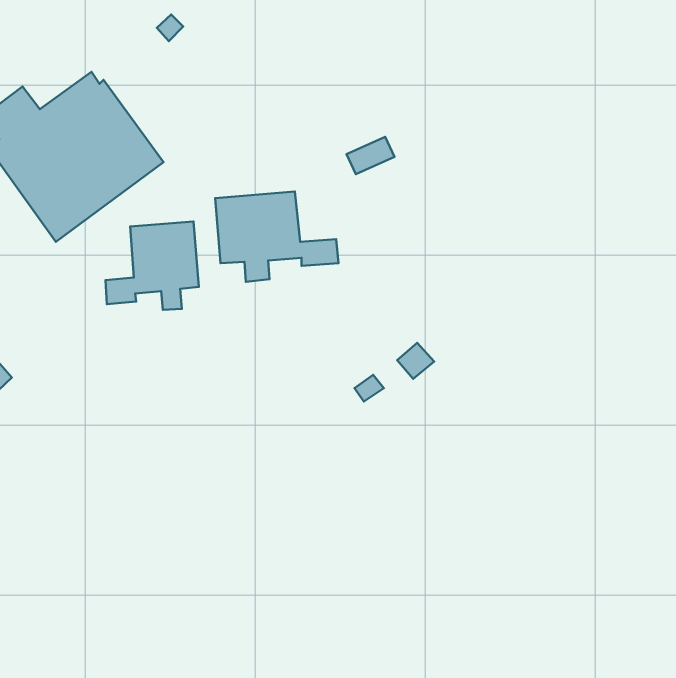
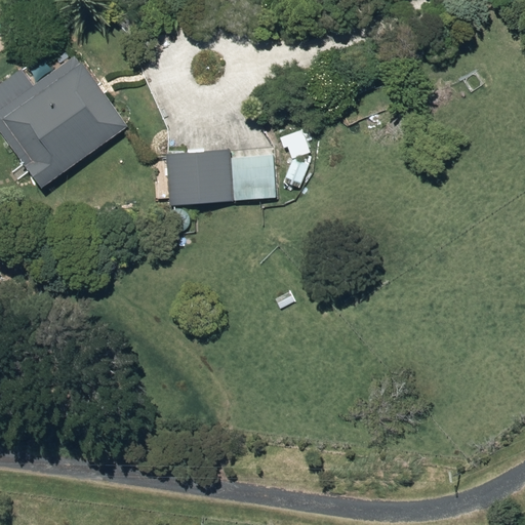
building: [105,221,199,310] -> none

